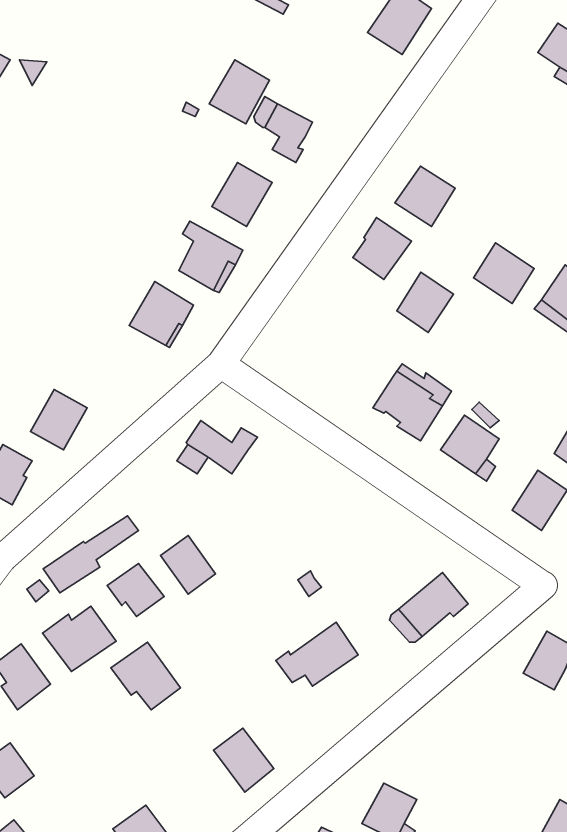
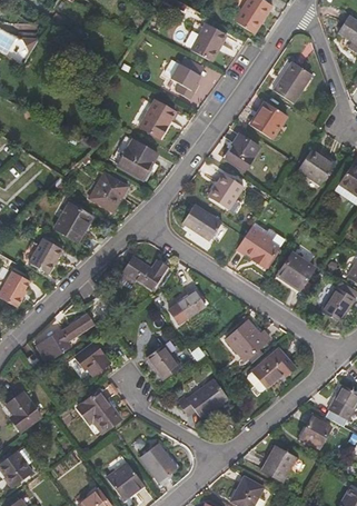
building: [209,60,270,124] -> [190,22,227,61]
building: none -> [274,61,311,102]
building: [397,272,454,333] -> [209,172,244,209]
building: none -> [54,202,92,241]
building: none -> [181,202,222,240]
building: none -> [169,288,205,324]
building: none -> [227,319,270,360]
building: [161,535,215,594] -> [147,344,180,379]
building: [43,606,116,672] -> none
building: none -> [300,416,330,447]
building: none -> [261,445,295,480]
building: none -> [107,463,143,499]

